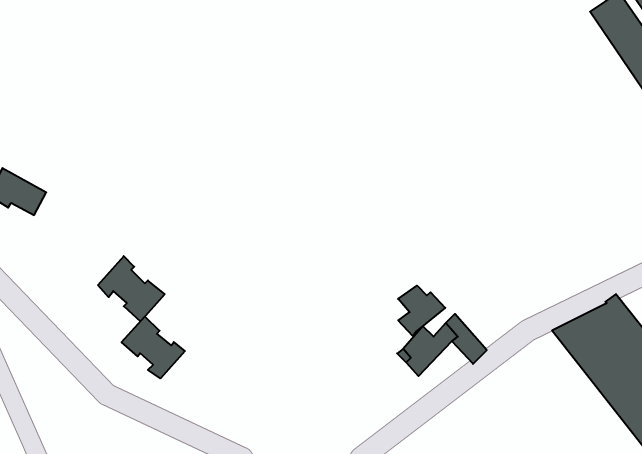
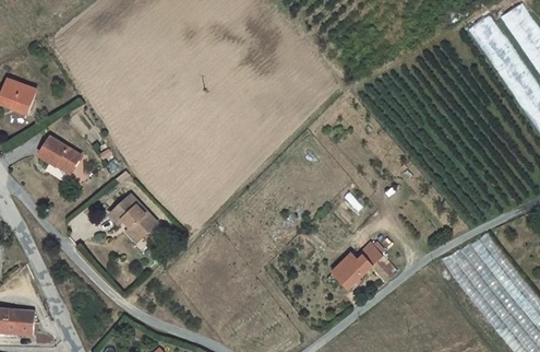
building: [398,286,445,336] -> none
building: [122,316,185,378] -> none

